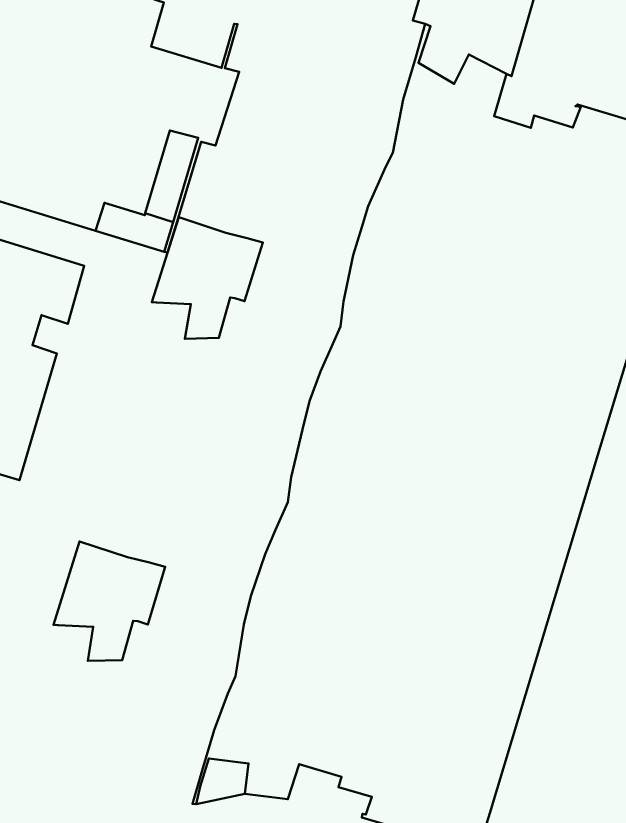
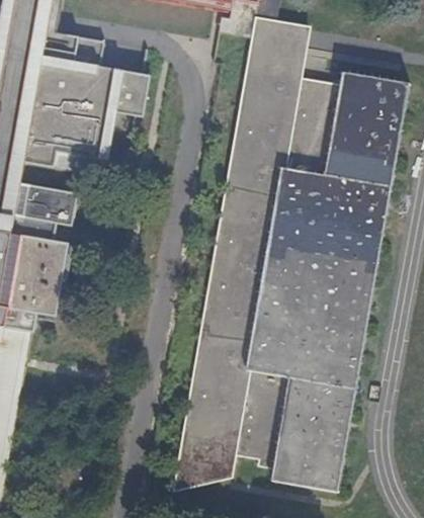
building: [152,217,263,339] -> none
building: [54,541,165,661] -> none

